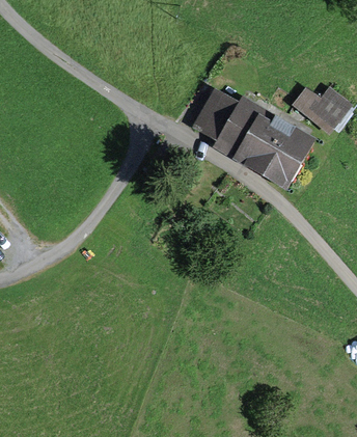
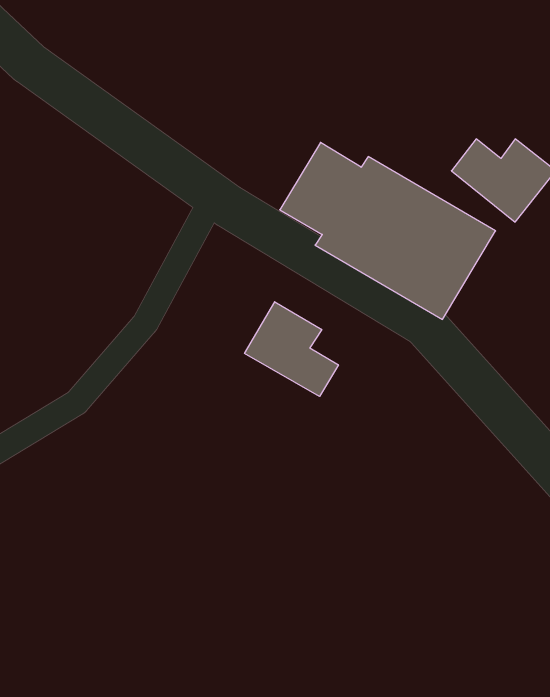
building: none -> [245,302,338,396]

